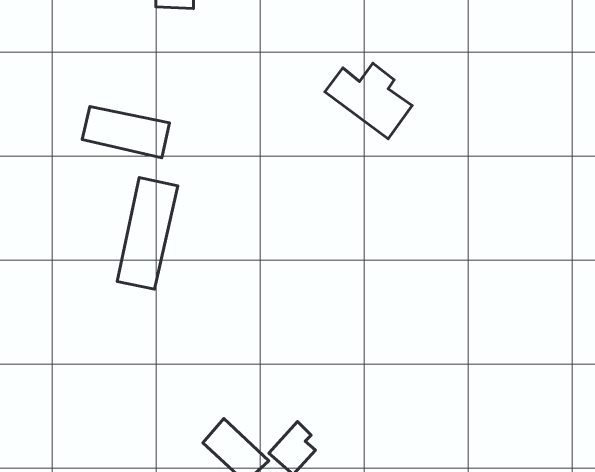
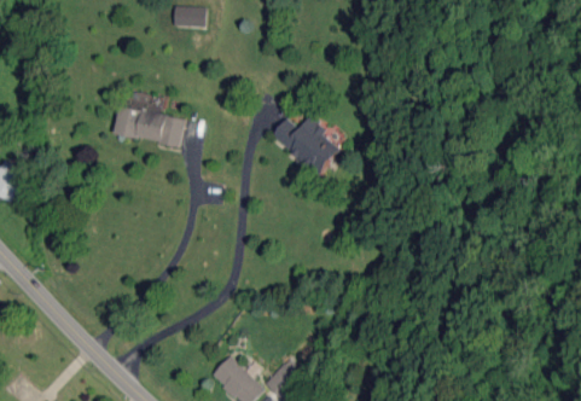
building: [325,63,412,139] -> [272,114,342,174]
building: [117,177,178,289] -> none

